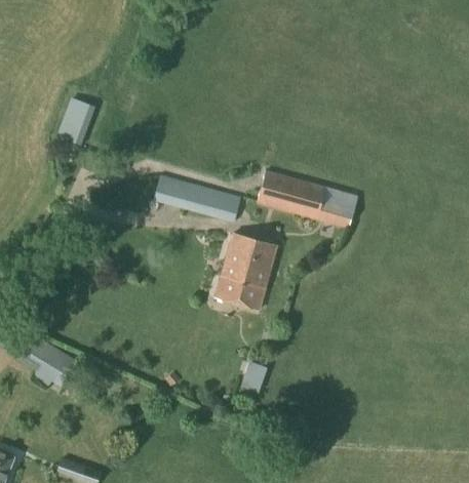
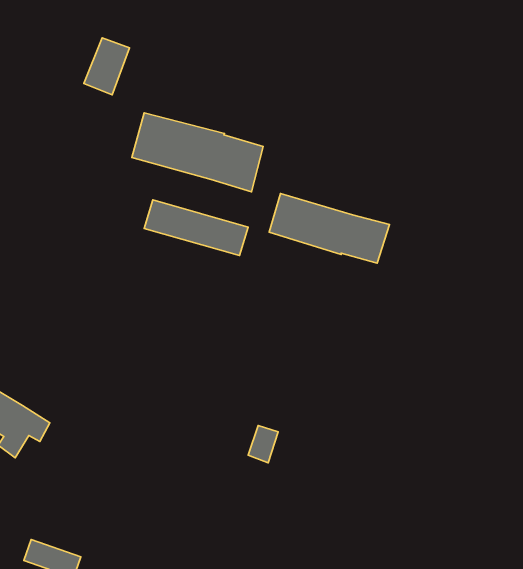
building: [56,98,94,146] -> [84,38,130,95]
building: none -> [132,113,263,192]
building: [216,233,278,310] -> none

